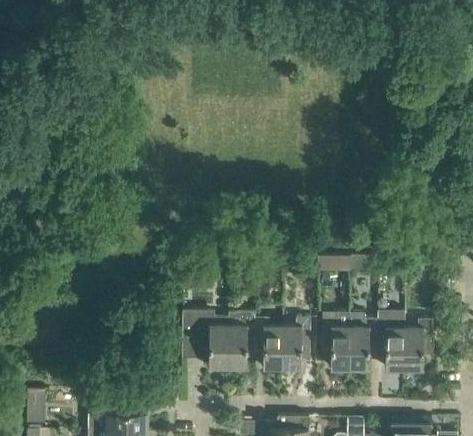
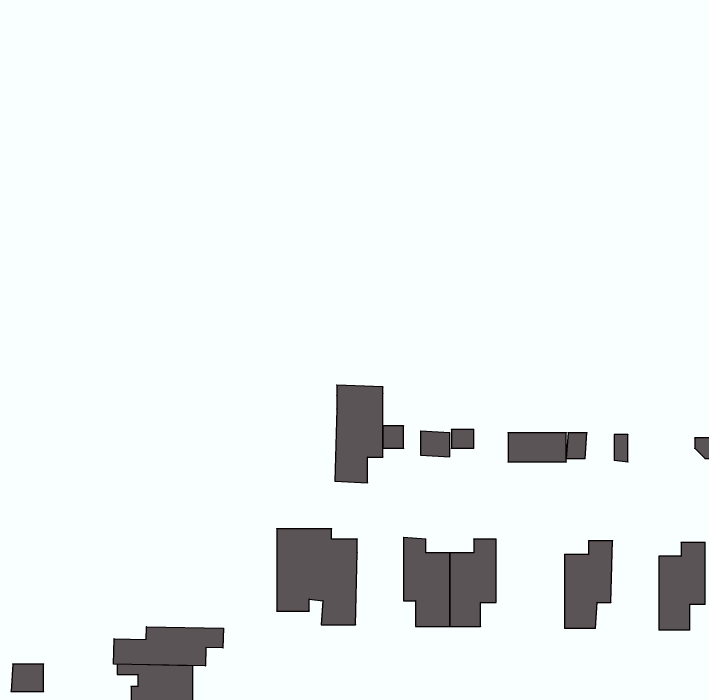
building: [228,312,256,369] -> [335,385,383,483]
building: [322,319,350,370] -> none
building: [377,319,405,371] -> none
building: none -> [114,627,223,666]

